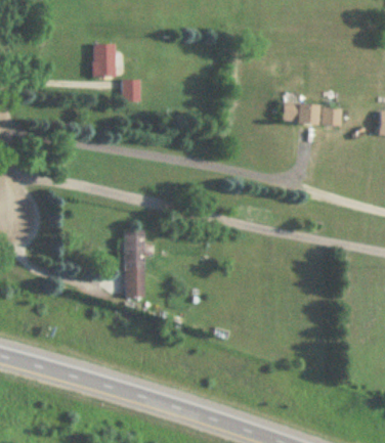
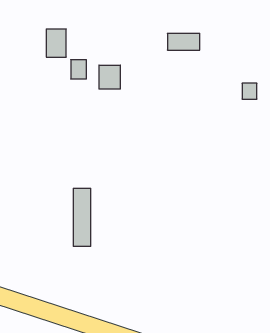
building: none -> [99,65,120,89]
building: [281,103,318,123] -> [167,33,200,50]

